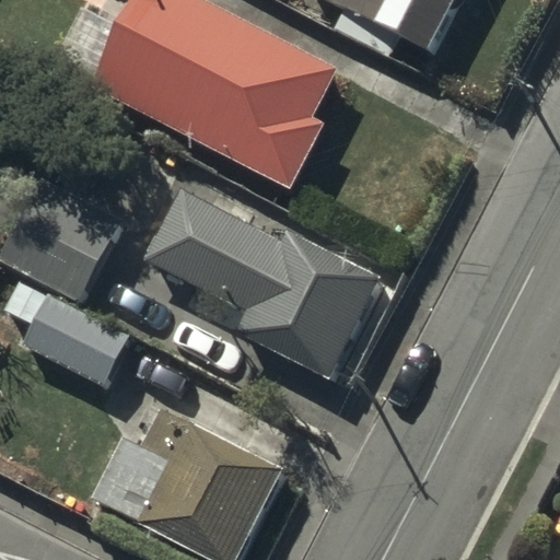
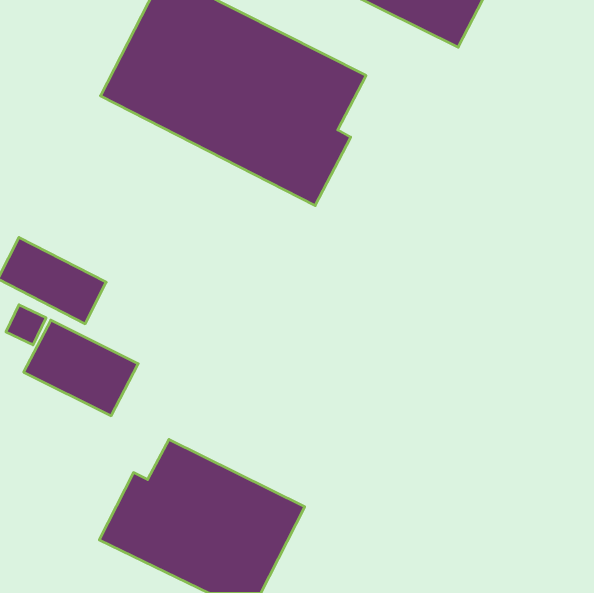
building: [145,189,381,378] -> none

